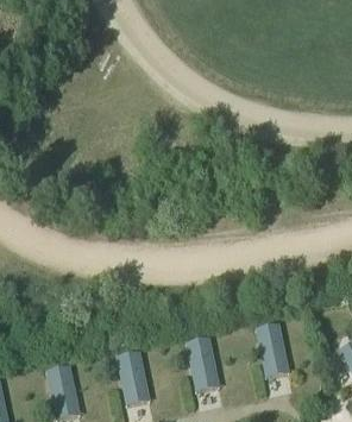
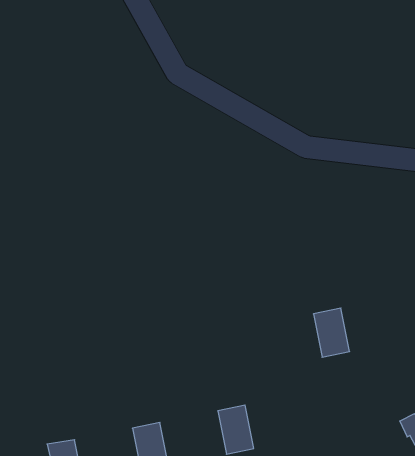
building: [257,323,287,364] -> [313,308,350,357]

